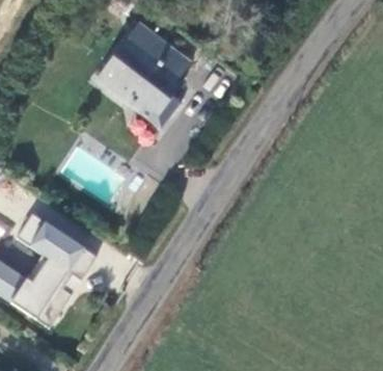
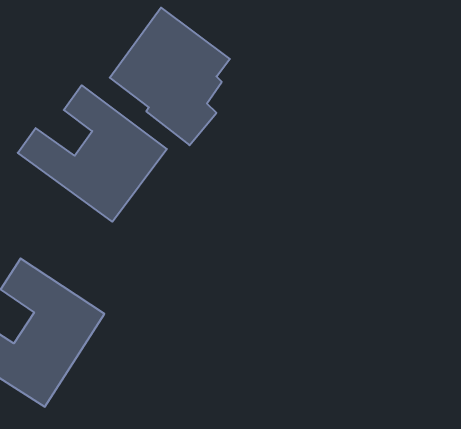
building: none -> [18,85,167,222]

